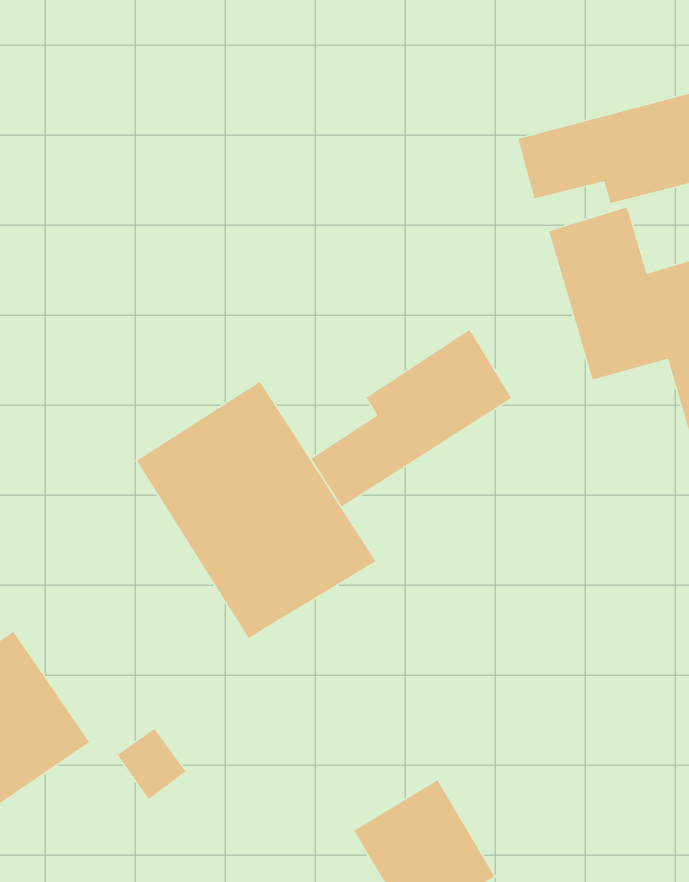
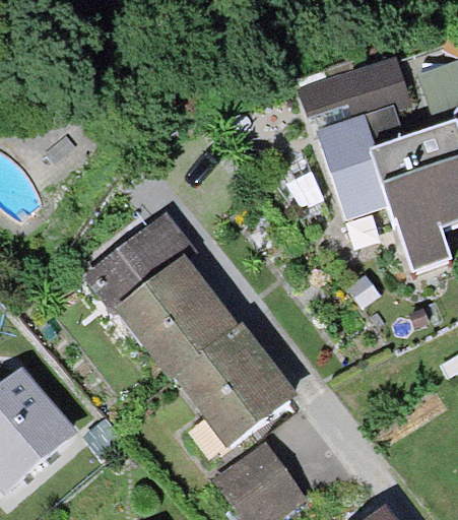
building: [311,329,512,507] -> none
building: none -> [176,317,297,440]

